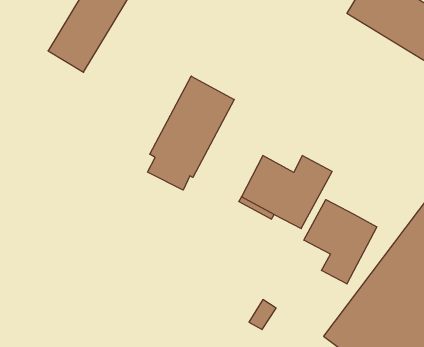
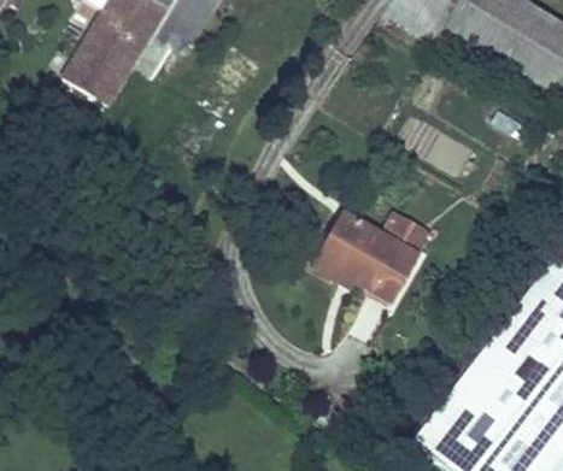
building: [148,76,234,190] -> none
building: [304,200,377,284] -> none

